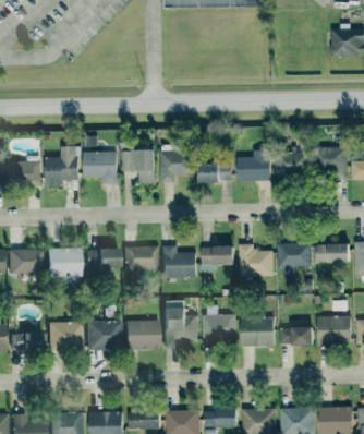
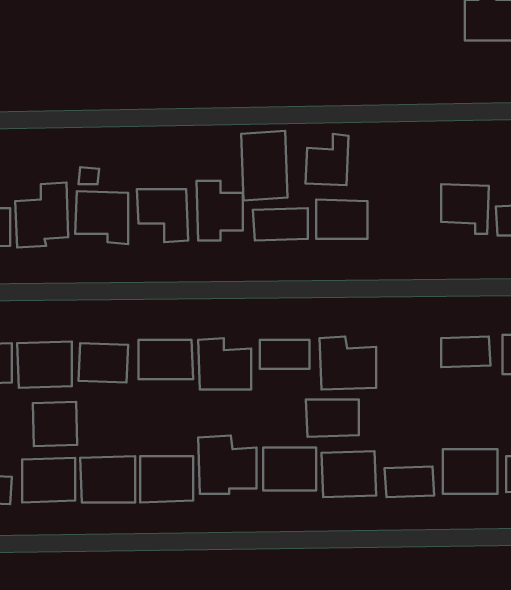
building: none -> [241,131,287,200]
building: [275,144,302,177] -> [306,134,348,185]
building: [278,244,312,268] -> [306,399,359,437]
building: none -> [33,402,77,446]

